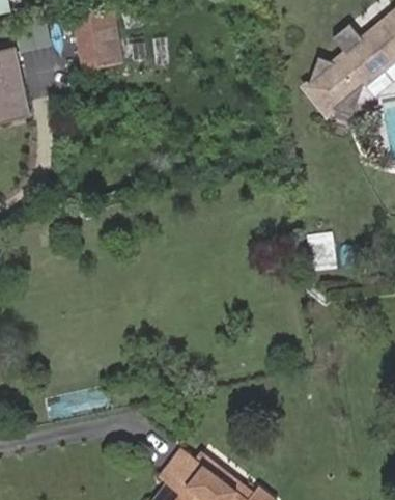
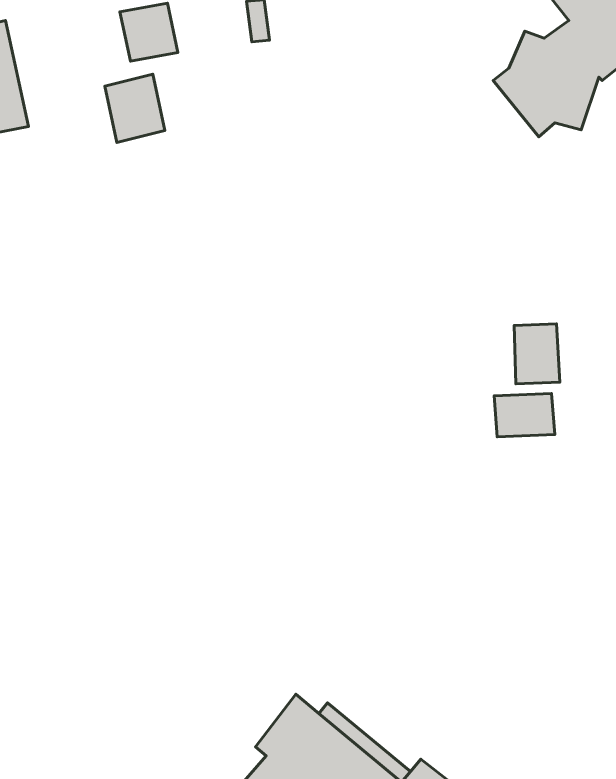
building: none -> [105,74,165,142]
building: none -> [494,394,555,437]

